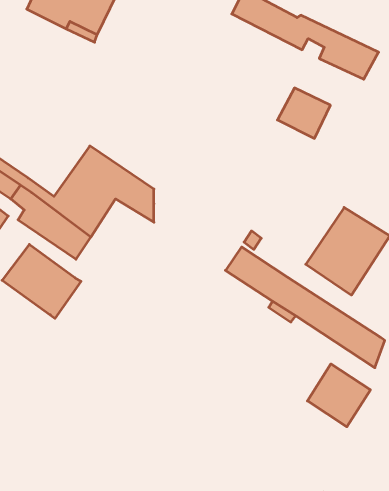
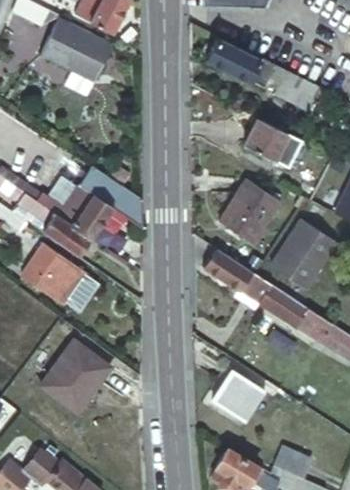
building: none -> [219,179,281,243]
building: none -> [40,341,110,413]
building: [307,364,370,427] -> [213,371,264,422]

